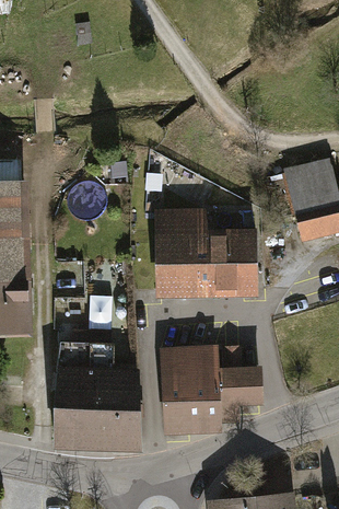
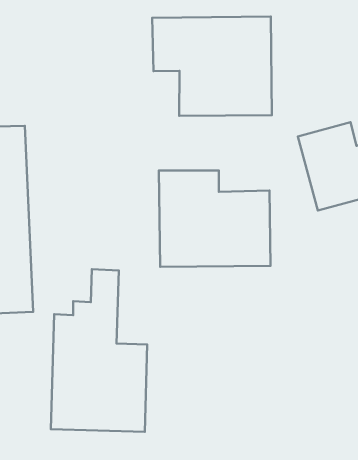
building: none -> [152,17,272,116]
building: [160,345,258,430] -> none

